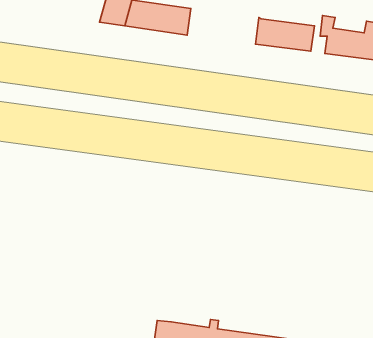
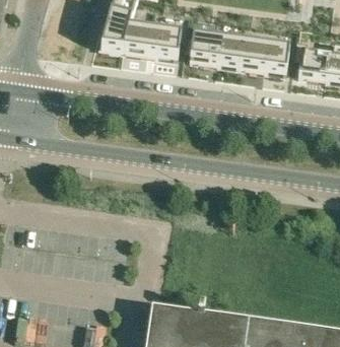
building: none -> [183,31,242,66]

